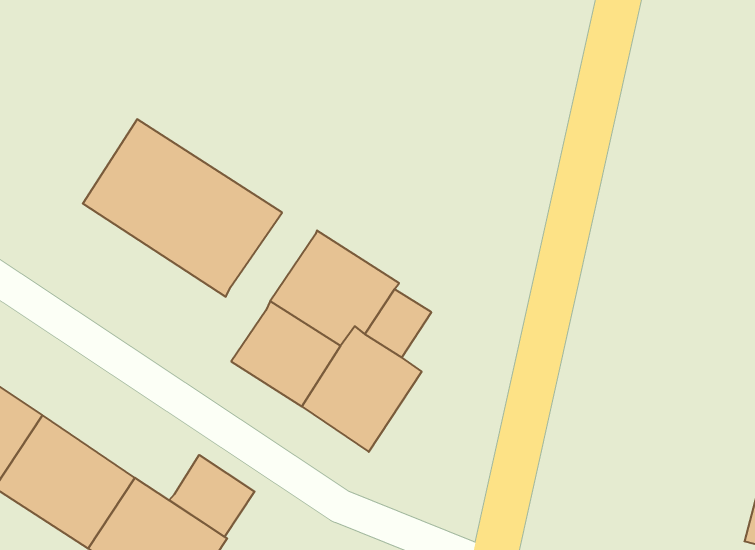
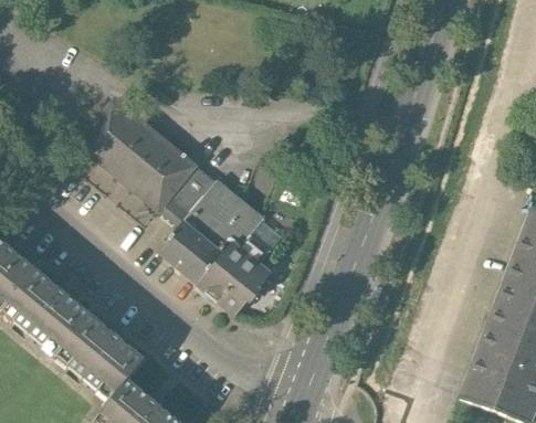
building: none -> [165,165,220,223]
building: [169,455,255,537] -> none

